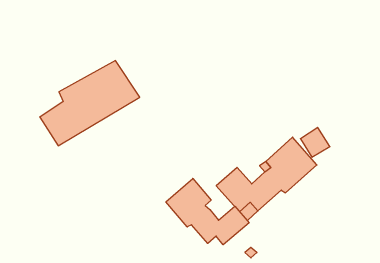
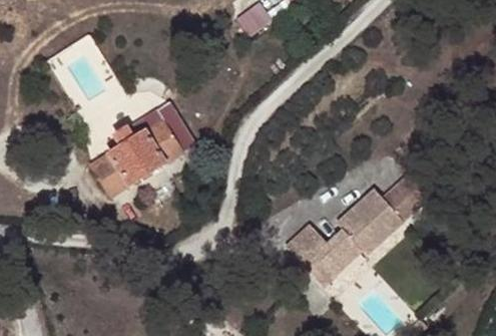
building: [166,178,249,245] -> none

